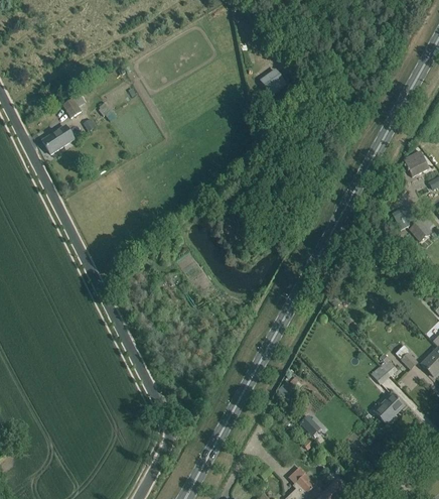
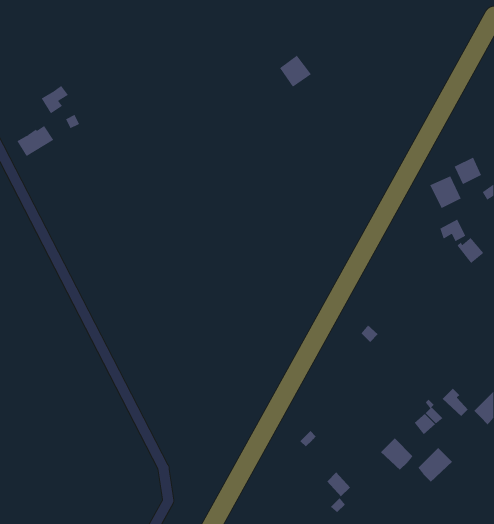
building: none -> [429,176,461,209]
building: none -> [380,438,413,471]

